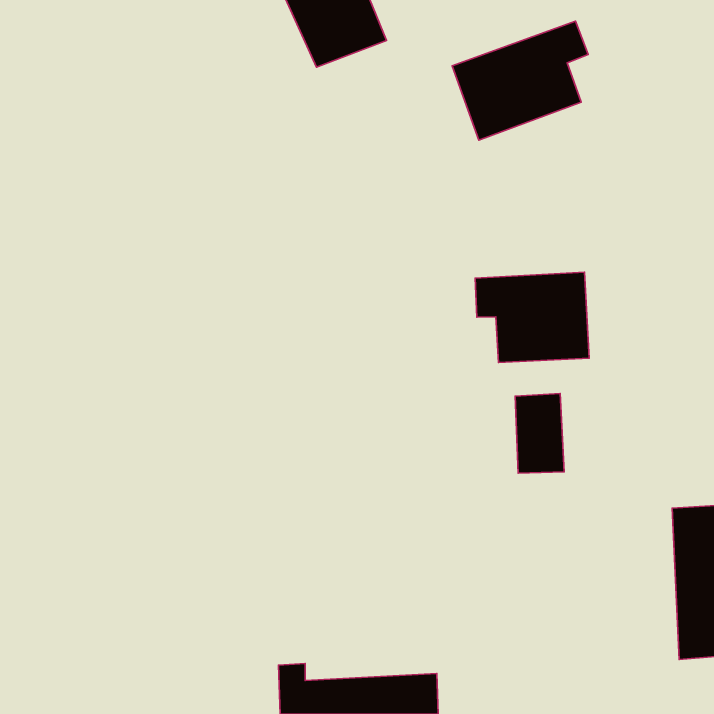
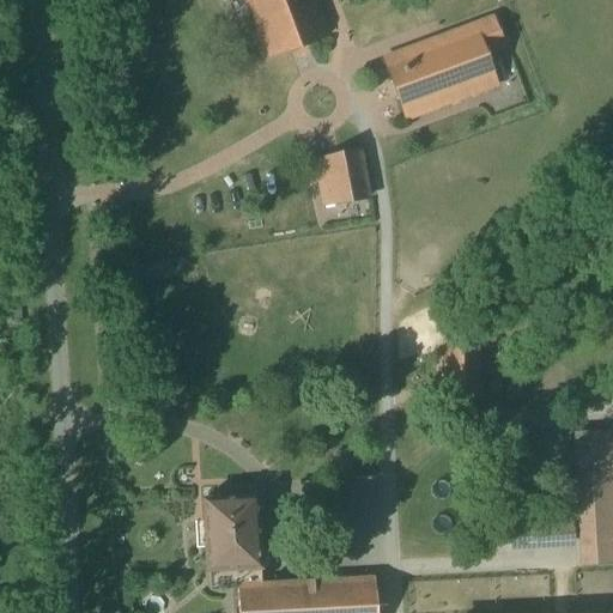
building: none -> [316,151,371,205]
building: [475,272,589,362] -> none
building: none -> [205,496,262,570]

